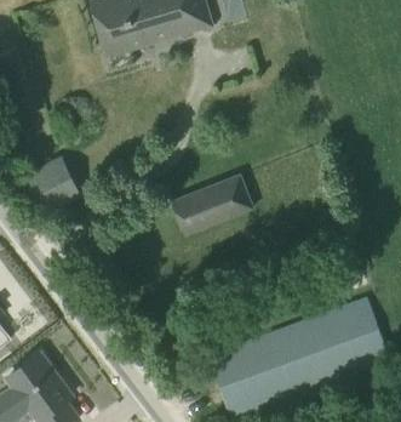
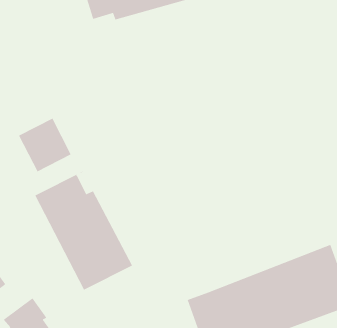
building: [173,179,240,233] -> none
building: none -> [35,170,133,291]

